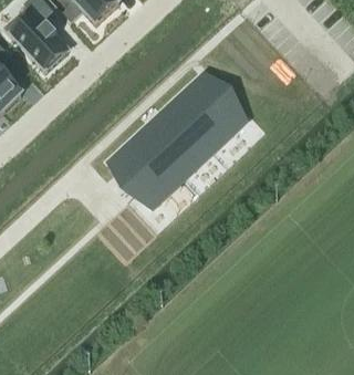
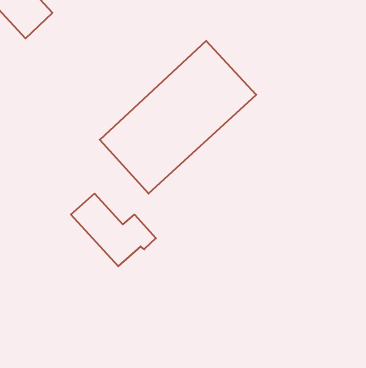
building: none -> [71,194,156,266]

